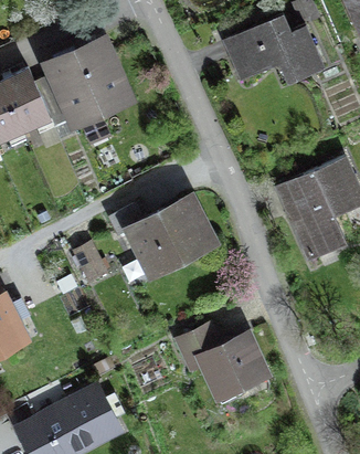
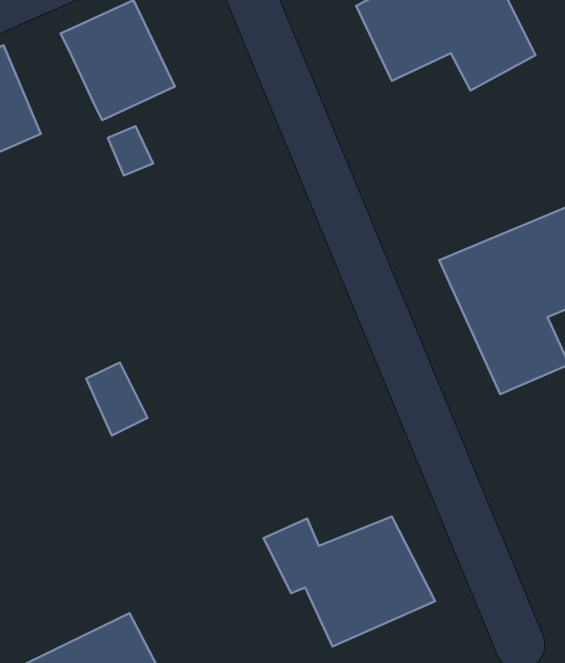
building: [35,68,81,116] -> none
building: [109,197,214,279] -> none

